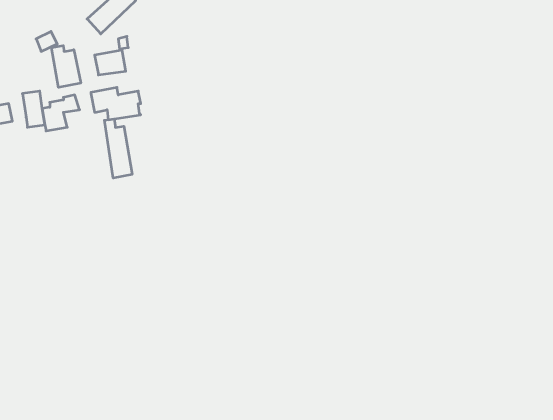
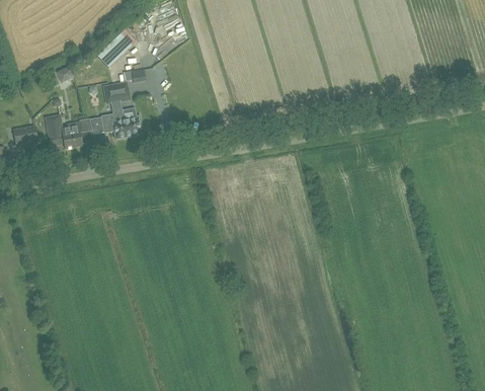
building: [52,46,81,87] -> none
building: [104,119,132,178] -> none

